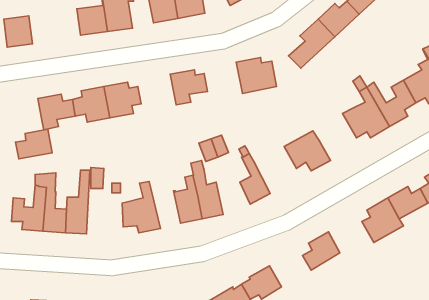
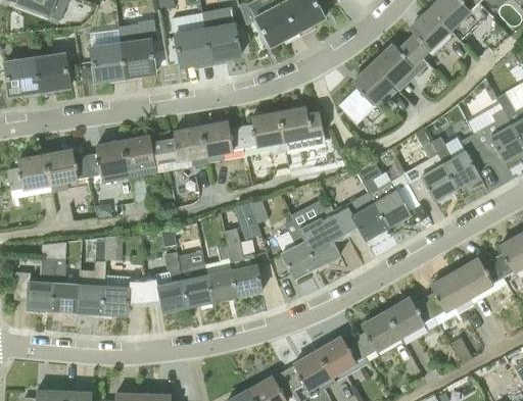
building: none -> [35,54,70,91]
building: none -> [240,112,285,151]
building: none -> [162,127,207,165]
building: none -> [360,172,411,228]
building: [15,129,52,159] -> [7,155,50,190]
building: none -> [298,204,348,266]
building: none -> [176,252,212,307]
building: none -> [102,275,145,315]
building: none -> [386,297,439,336]
building: none -> [317,337,366,375]

